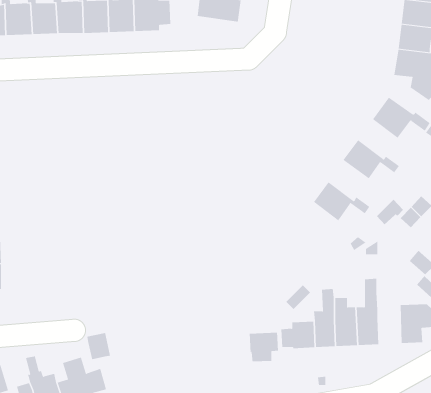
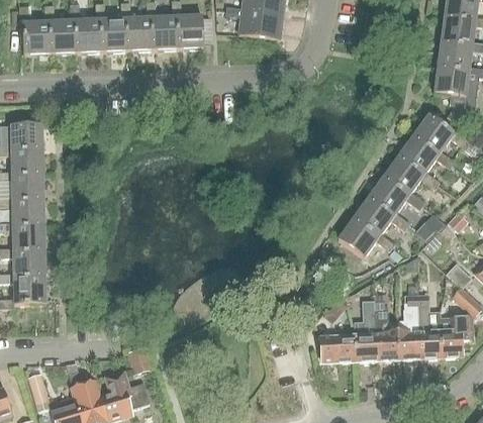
building: none -> [398,135,454,175]
building: none -> [369,176,424,216]
building: none -> [339,217,396,256]
building: none -> [417,293,441,358]
building: [249,332,279,362] -> none

